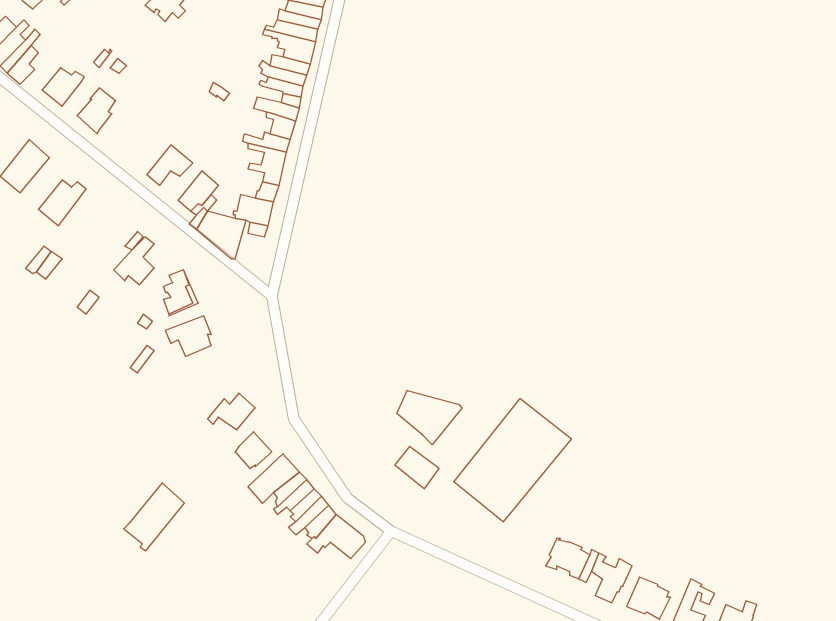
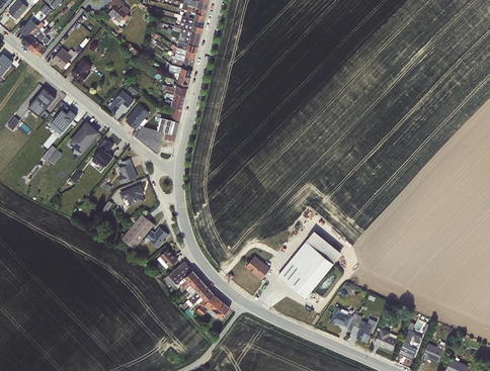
building: none -> [70,122,98,152]
building: [397,390,462,445] -> none
building: [124,483,184,551] -> [121,212,155,250]

